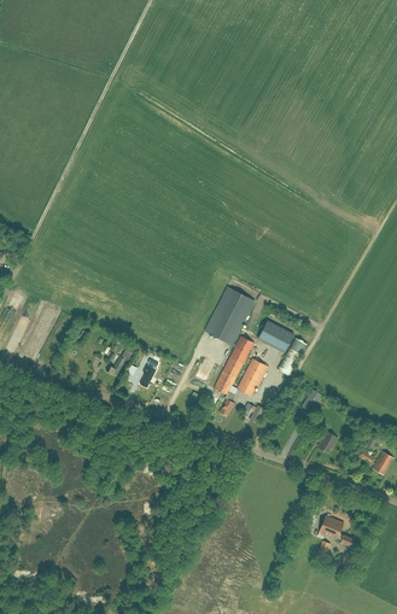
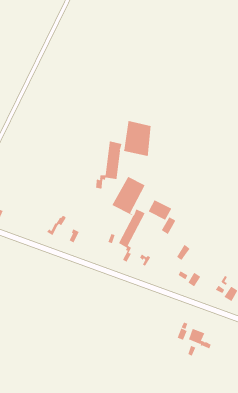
building: none -> [96,120,151,189]
building: [237,357,269,396] -> none

